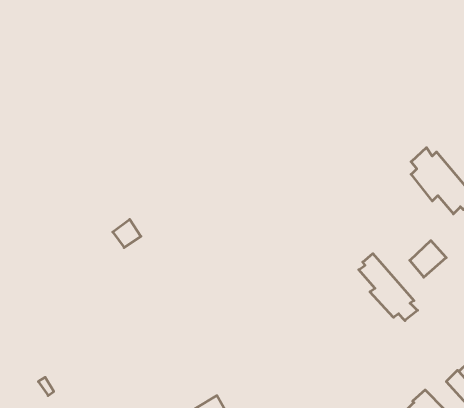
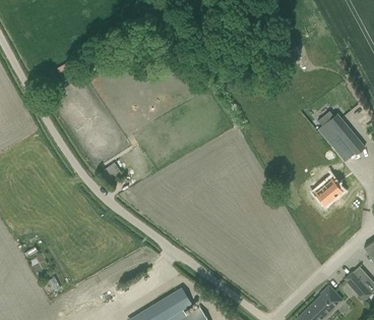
building: [359,254,418,321] -> none

